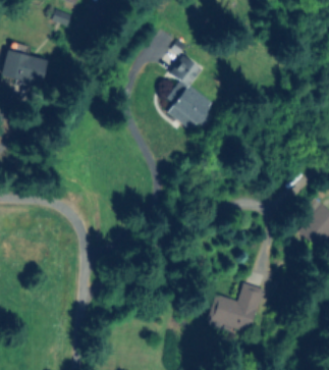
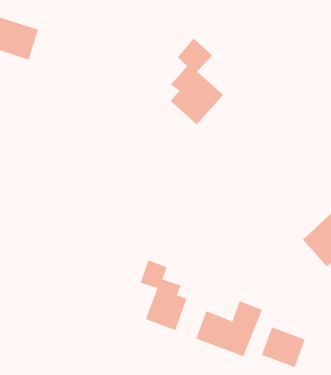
building: none -> [140,259,187,331]
building: none -> [261,327,306,368]

